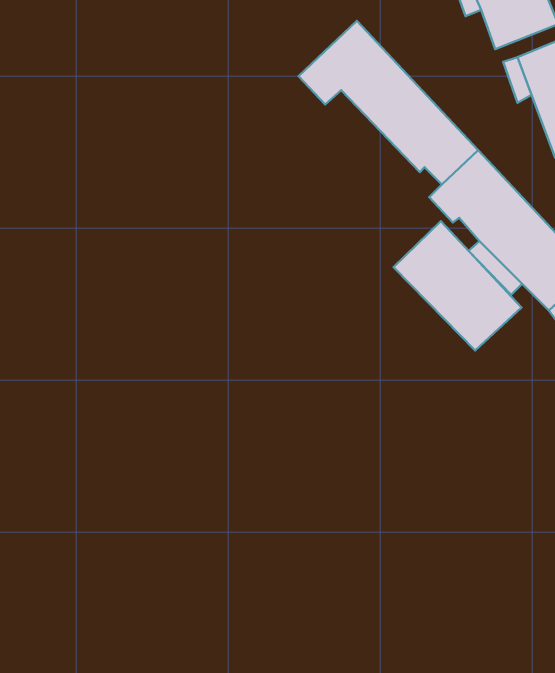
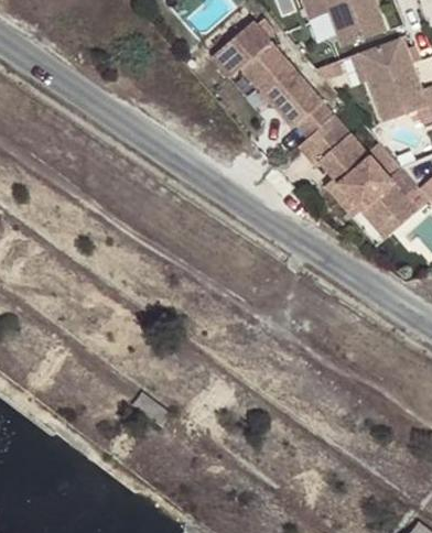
building: [393,221,522,350] -> none

